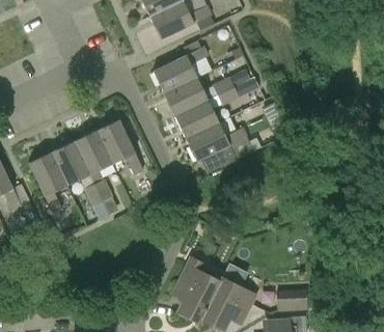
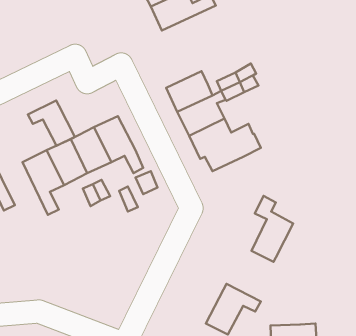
building: [154,40,209,93] -> none
building: none -> [28,101,75,146]
building: [180,258,219,321] -> [252,196,293,262]
building: [278,289,308,309] -> none

